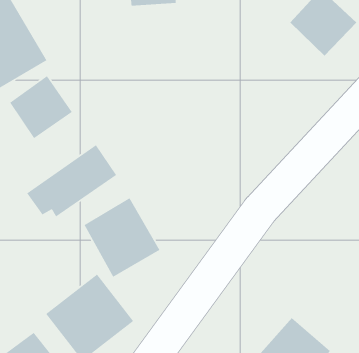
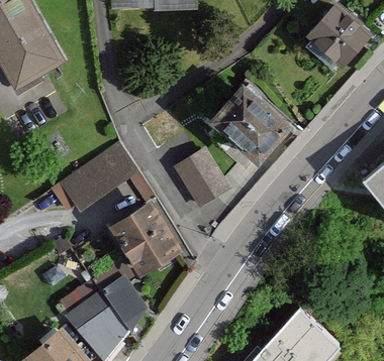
building: none -> [200,76,282,155]
building: [9,75,73,139] -> none
building: none -> [171,146,227,207]

